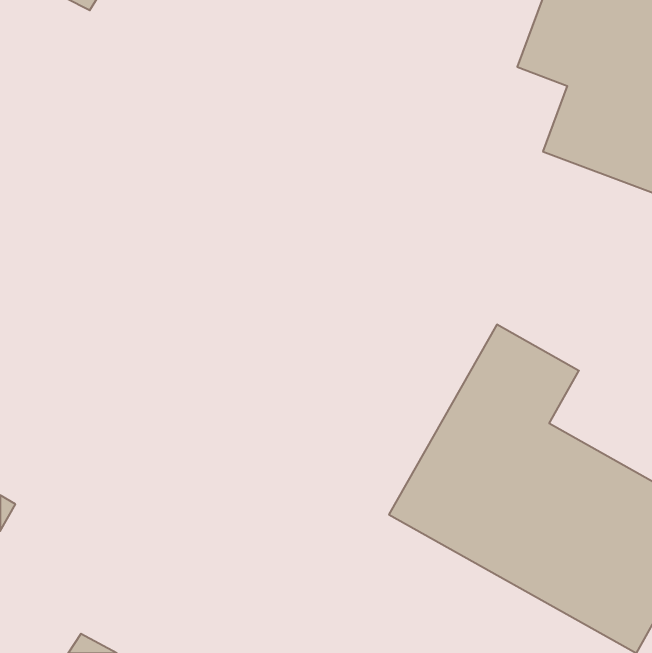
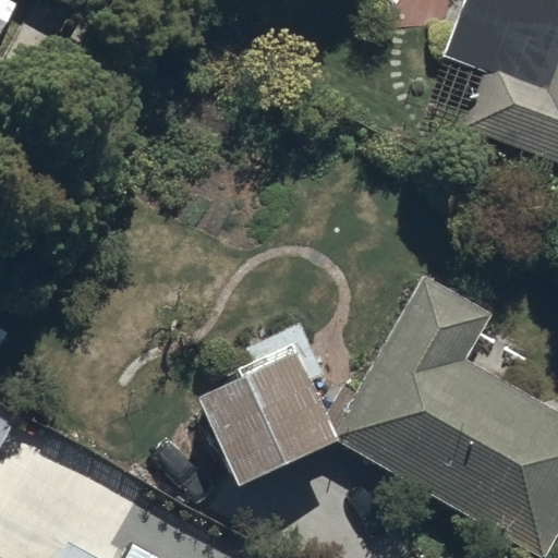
building: none -> [198,353,333,482]

